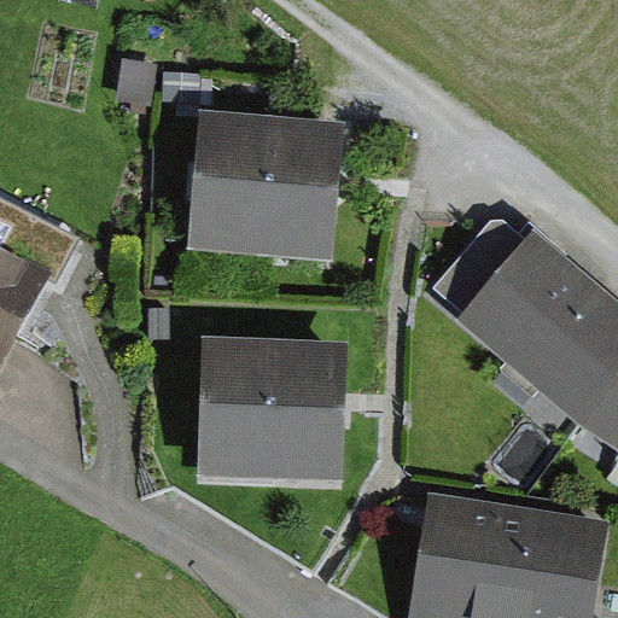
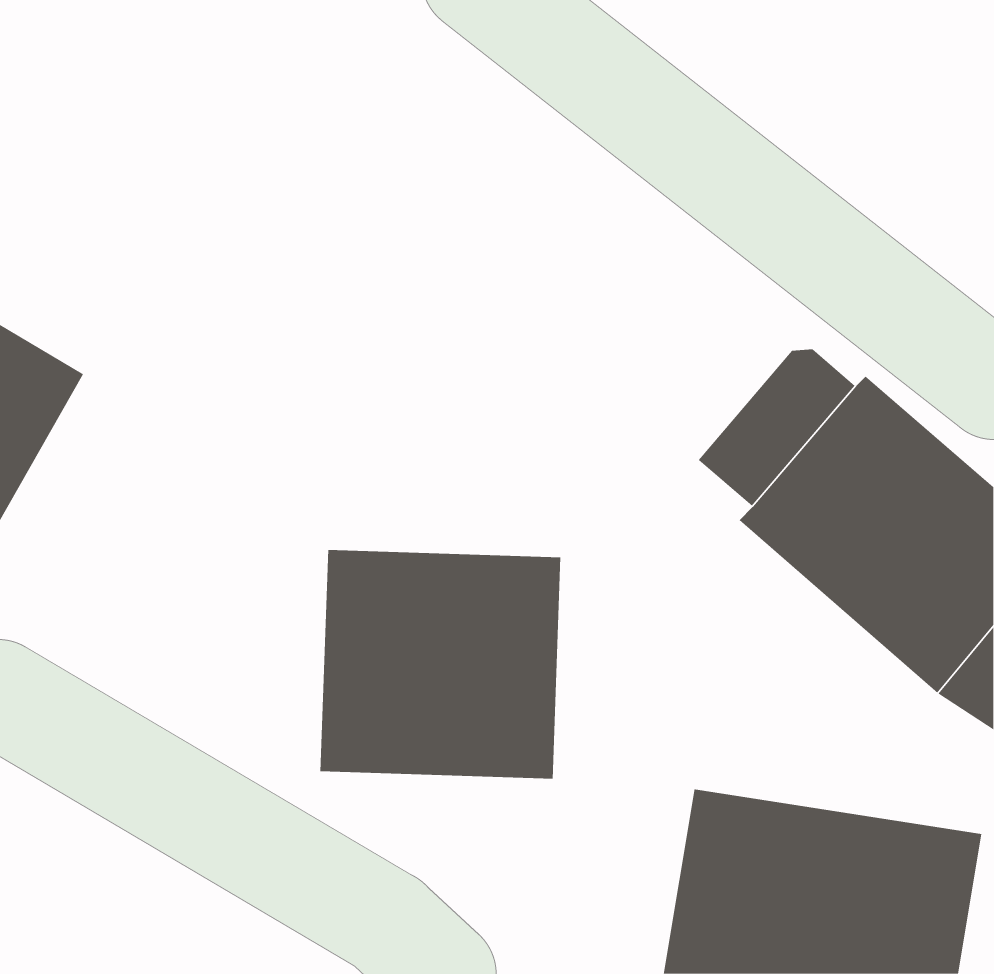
building: [191,113,345,263] -> none

